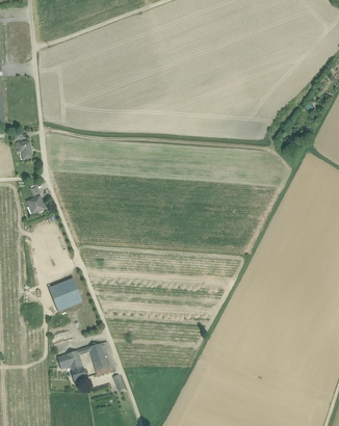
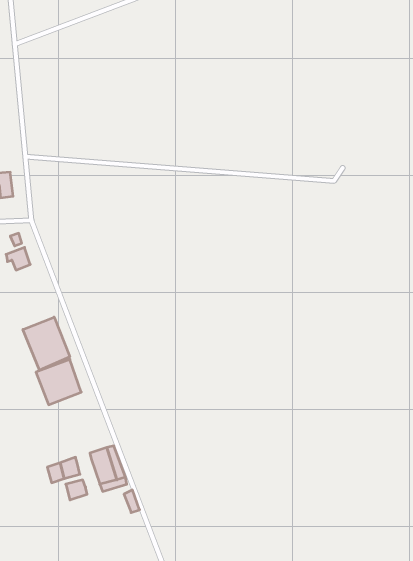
building: none -> [23,317,70,370]

